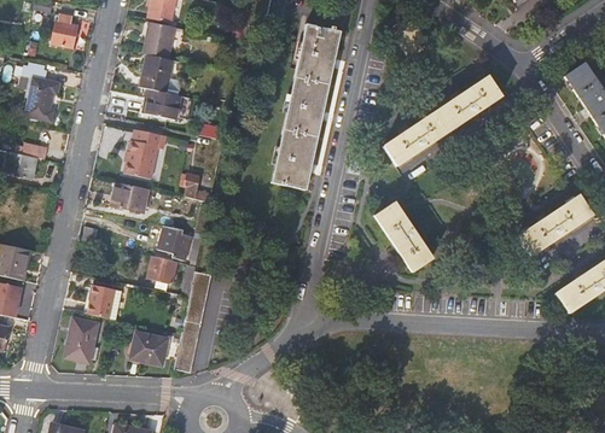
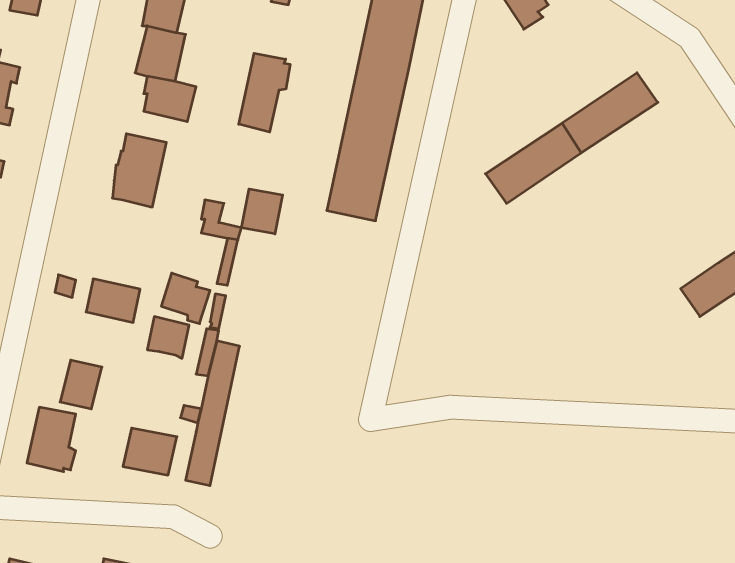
building: none -> [239,53,290,132]
building: none -> [241,189,283,234]
building: [111,181,149,211] -> [86,279,140,322]
building: [374,201,432,270] -> none

